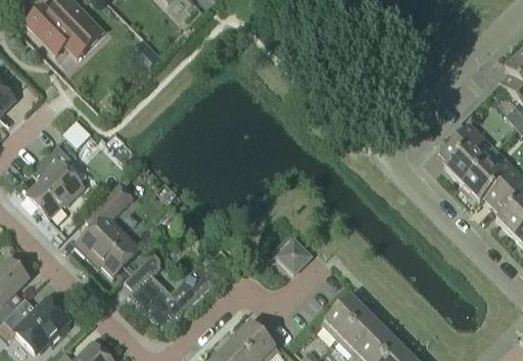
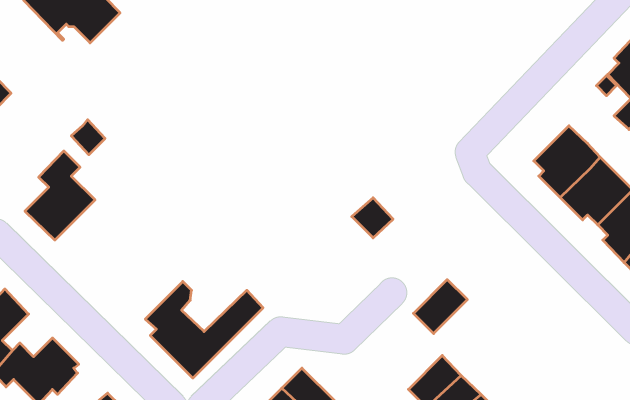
building: [76,183,140,273] -> none
building: [278,239,312,272] -> [352,198,393,238]
building: [322,295,366,339] -> [413,280,467,334]

